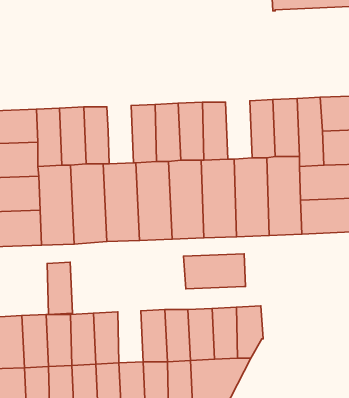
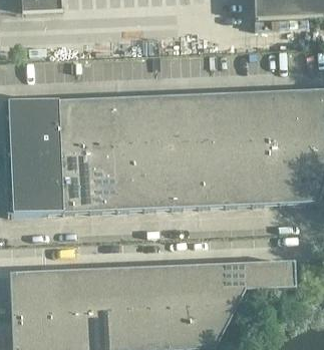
building: none -> [216,92,238,140]
building: none -> [117,96,139,144]
building: [184,254,245,289] -> [245,260,296,289]
building: [47,262,73,314] -> [126,266,147,309]

